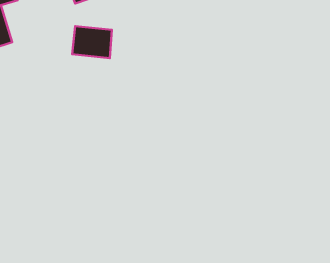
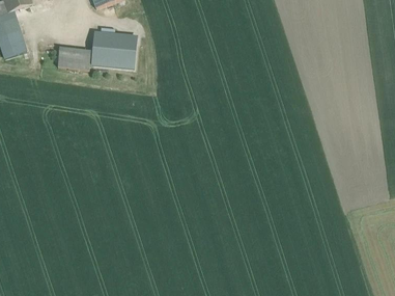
building: none -> [57,48,90,69]

